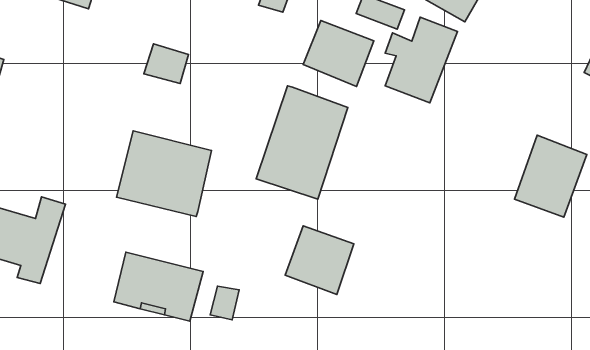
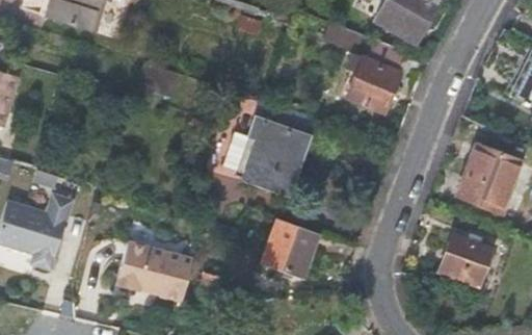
building: [303,20,374,86] -> none
building: [116,131,211,217] -> none
building: none -> [438,233,490,285]

